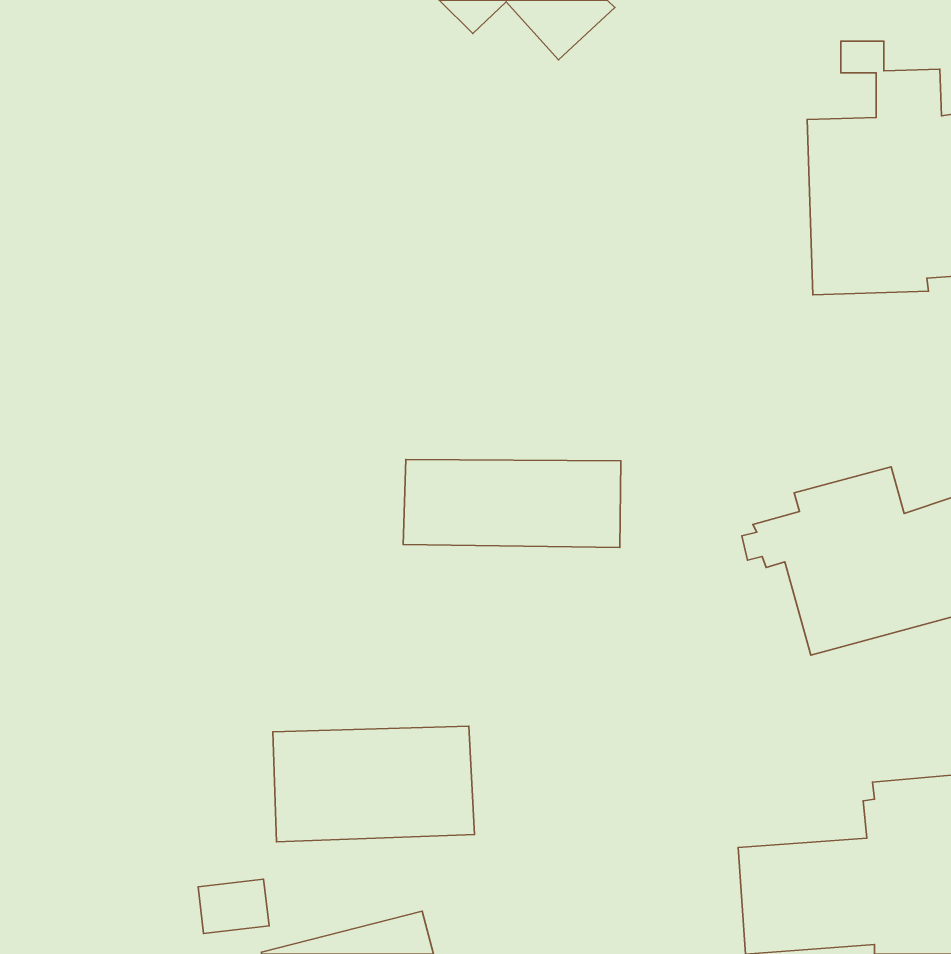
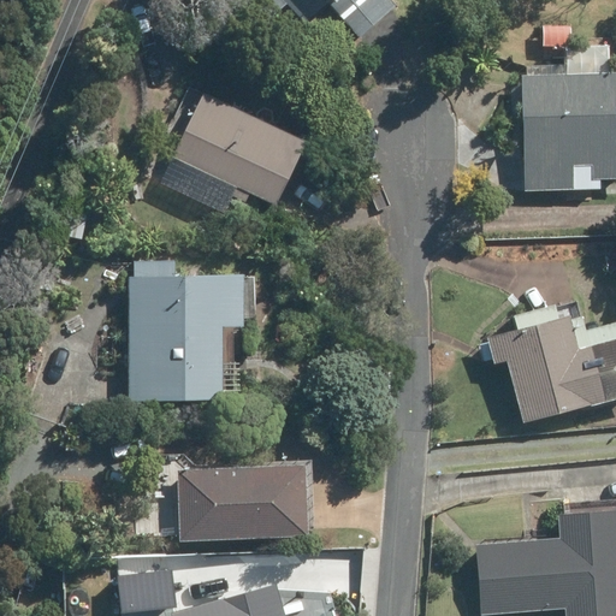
building: none -> [173,93,304,206]
building: none -> [125,265,238,403]
building: [403,459,621,548] -> none

